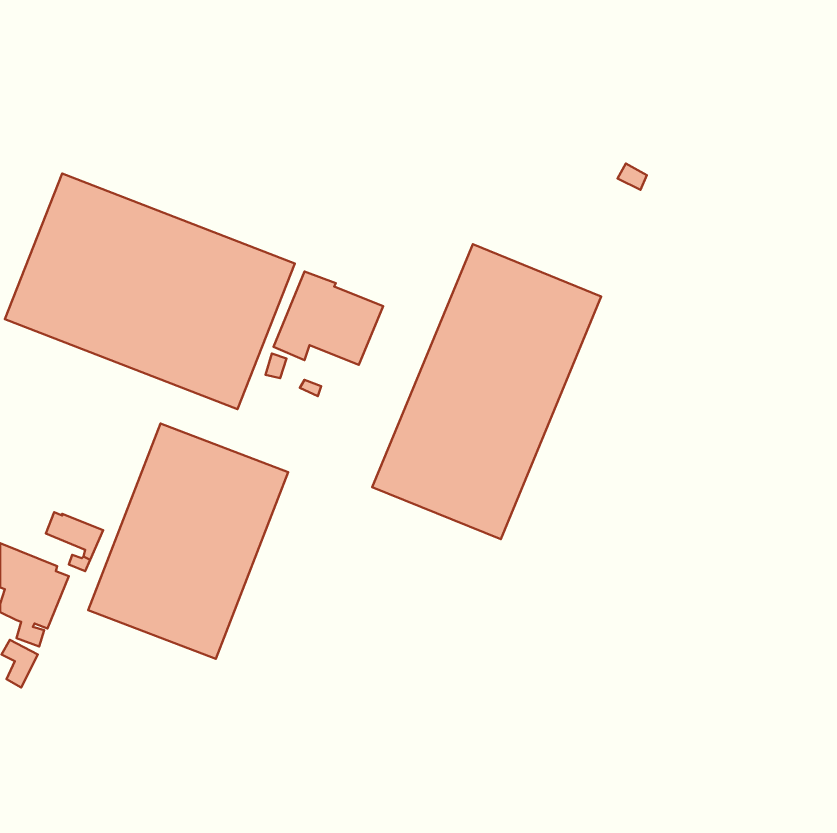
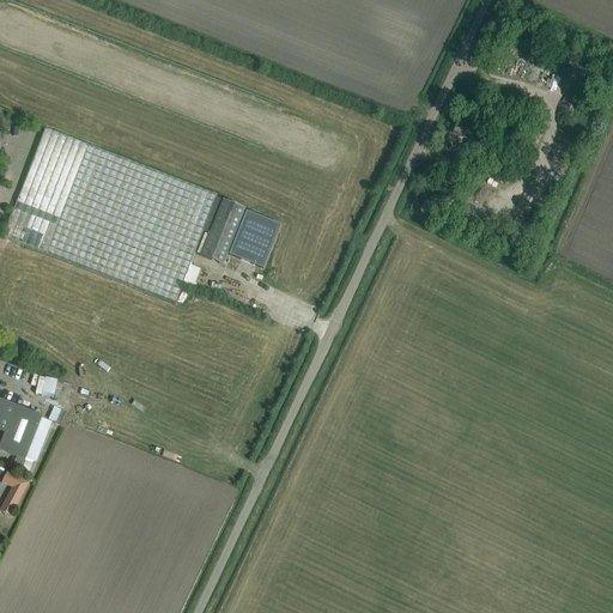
building: [372,244,601,539] -> none
building: [88,424,288,659] -> none

